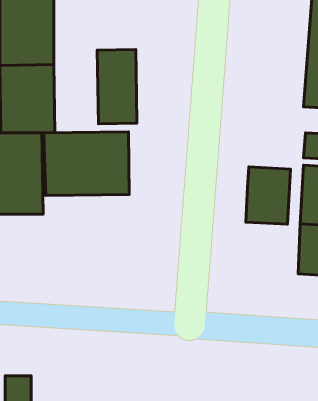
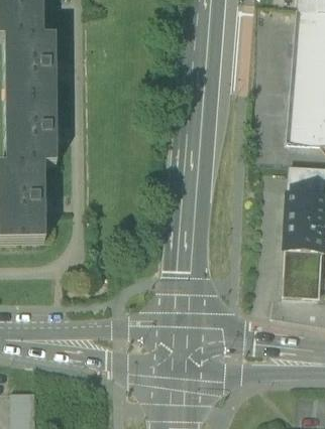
building: [97,50,137,124] -> none
building: [44,132,129,196] -> none
building: [246,167,291,224] -> none

